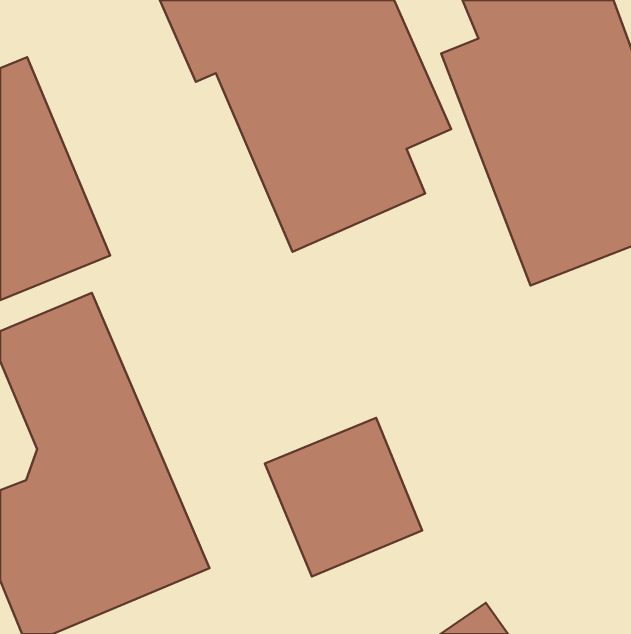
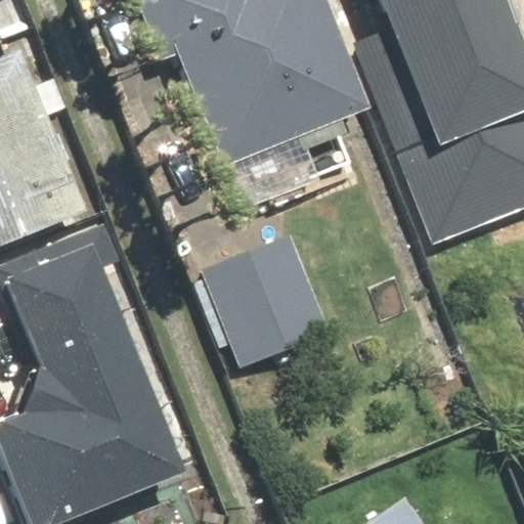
building: [265,418,422,577] -> [200,236,330,367]

